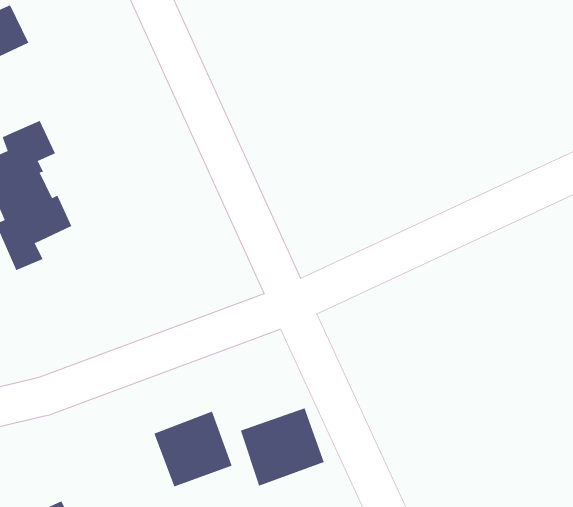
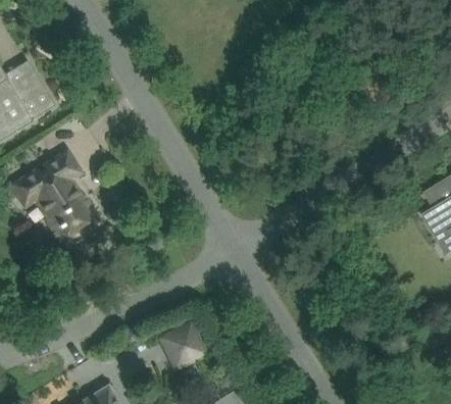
building: [240,408,325,487] -> none

